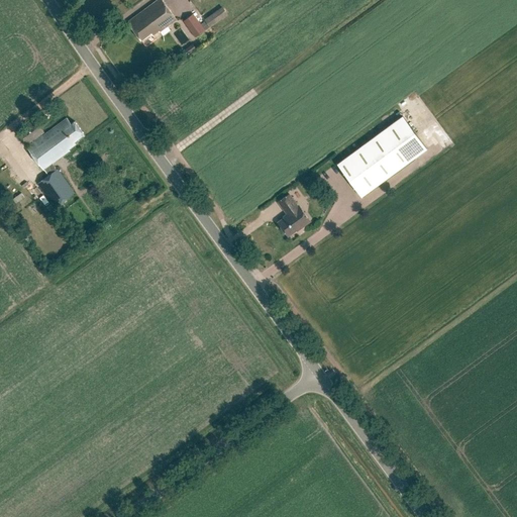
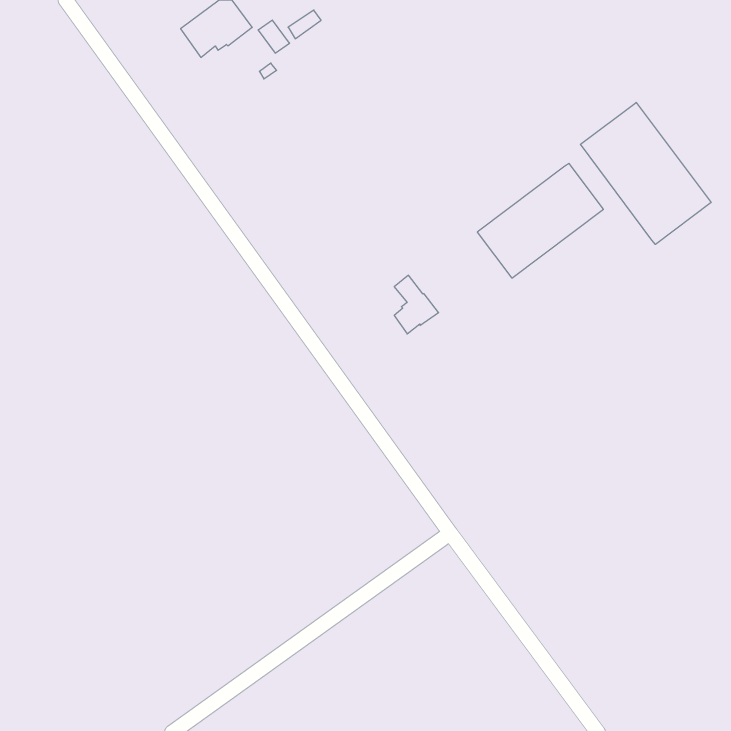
building: none -> [580,102,711,244]
building: [15,119,84,209] -> none

